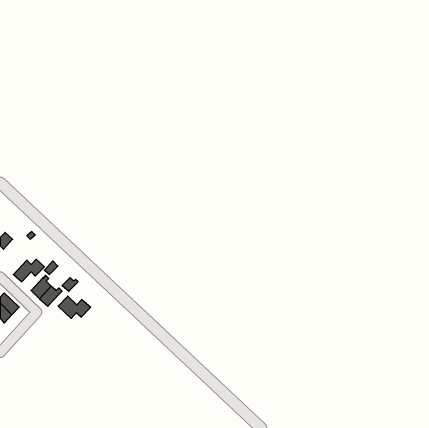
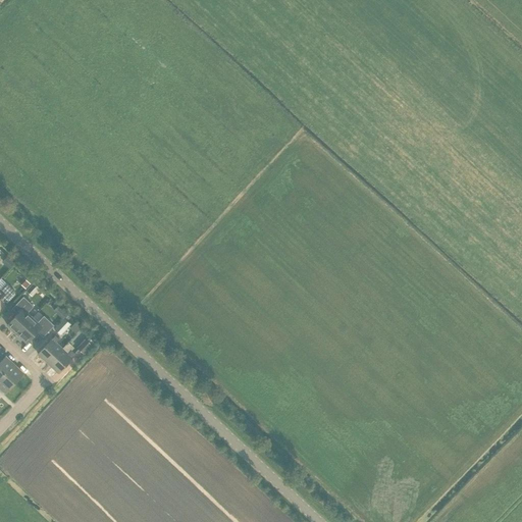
building: none -> [7,296,34,333]
building: [58,296,91,318] -> none

